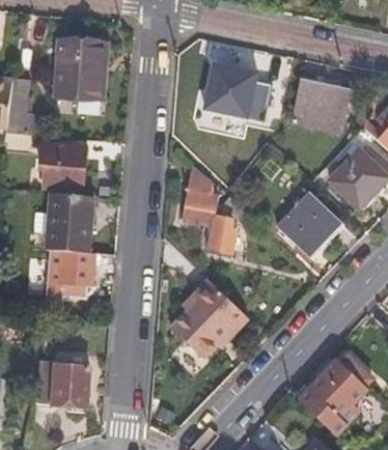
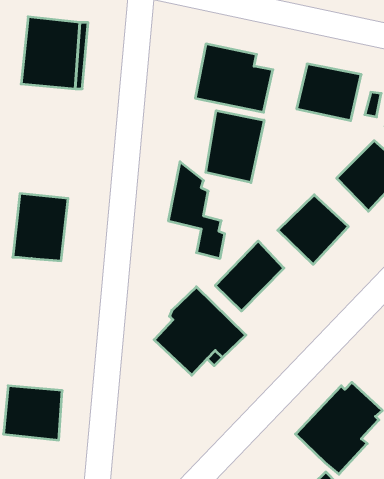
building: none -> [206,111,264,183]
building: [38,143,84,190] -> none
building: none -> [215,241,284,311]
building: [45,250,95,304] -> none

